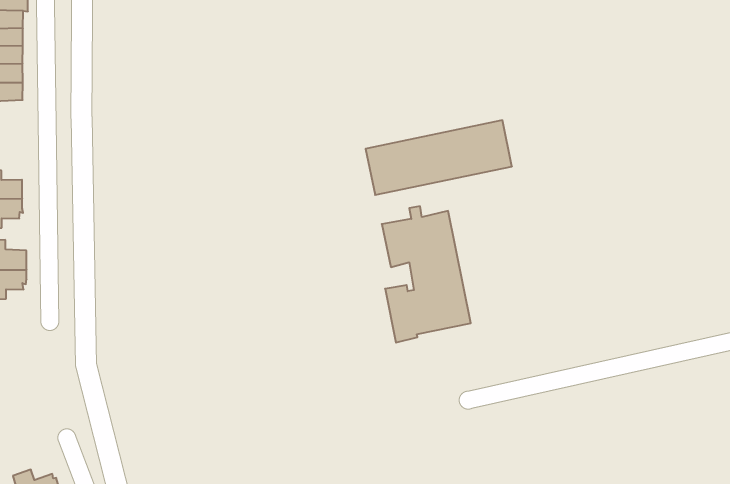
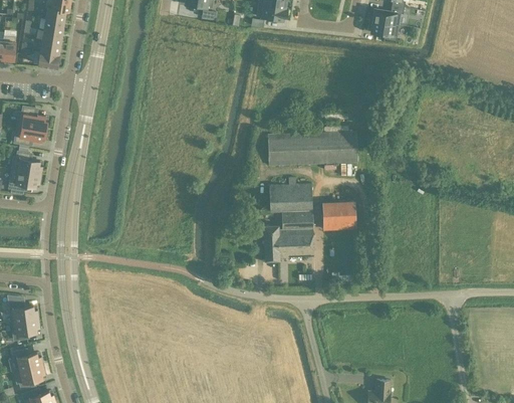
building: none -> [322,204,355,221]

